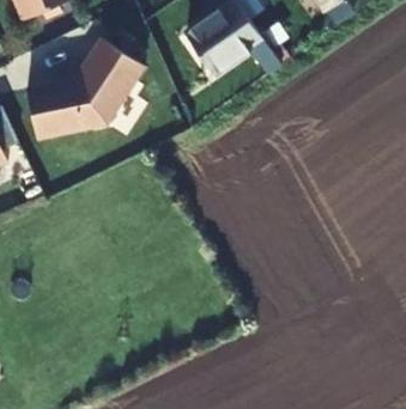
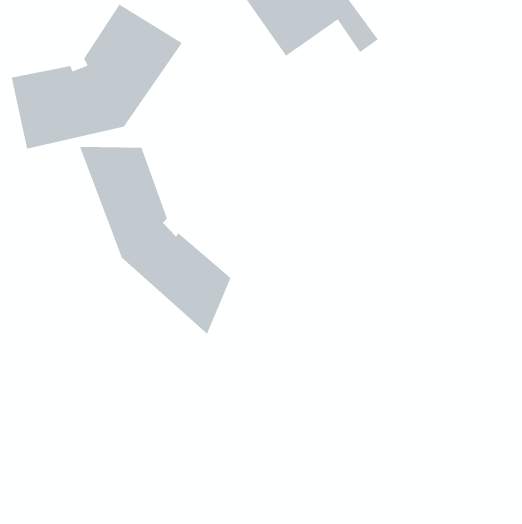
building: none -> [79,146,231,335]

